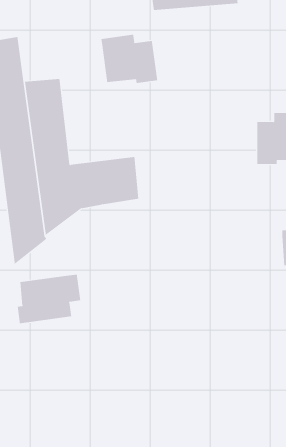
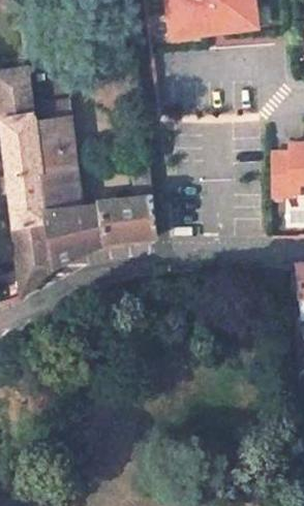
building: [101,34,158,84] -> none
building: [17,274,81,324] -> none

